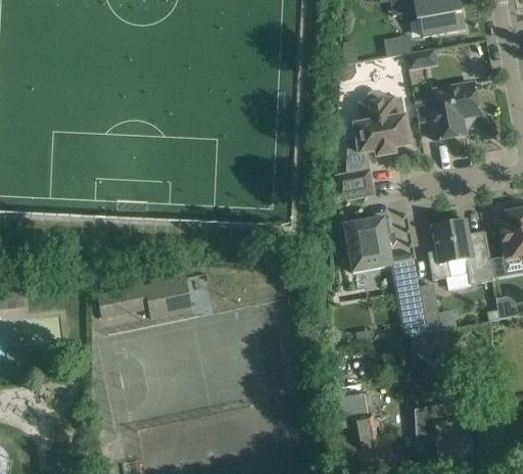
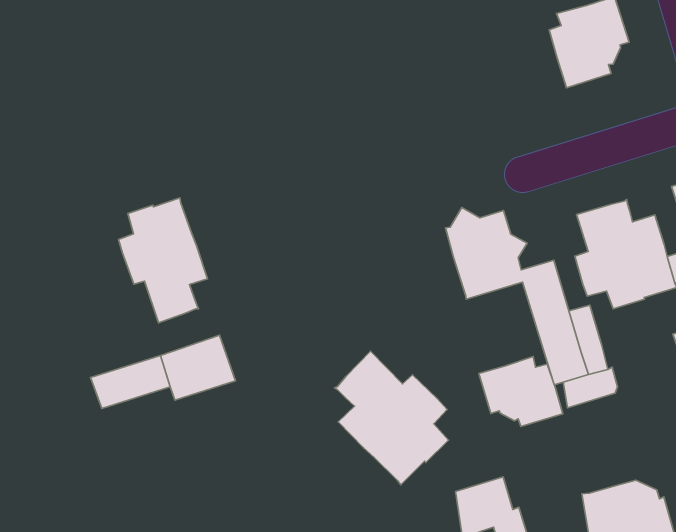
building: [334,88,410,201] -> none
building: none -> [118,198,207,323]
building: none -> [335,351,448,485]
building: none -> [479,356,563,426]

